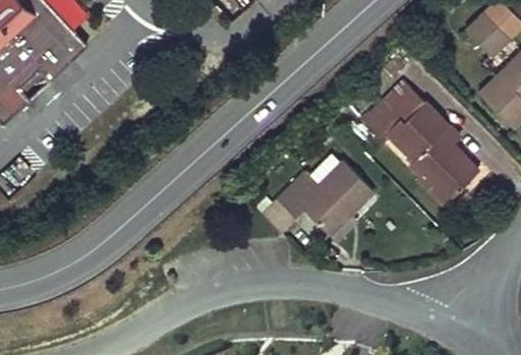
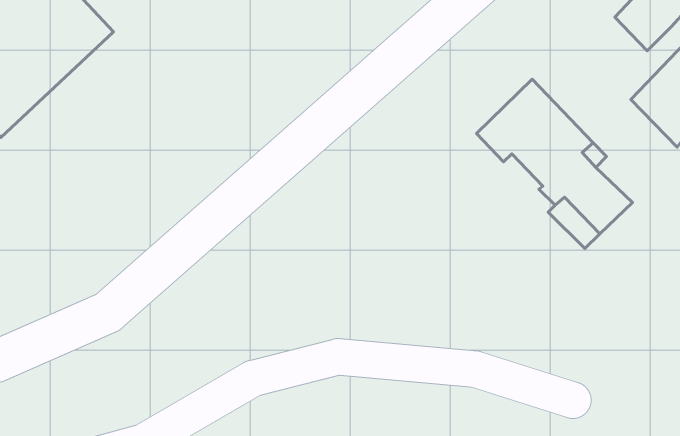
building: [262,152,372,231] -> none

